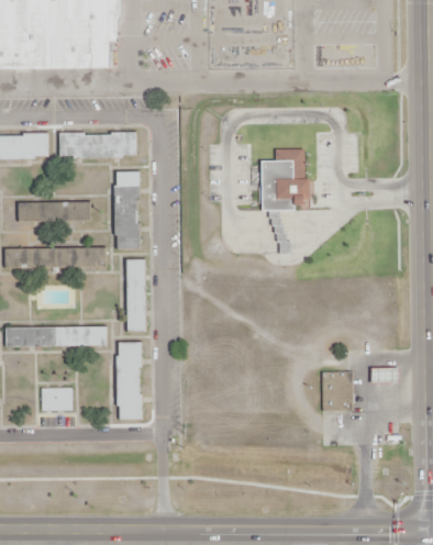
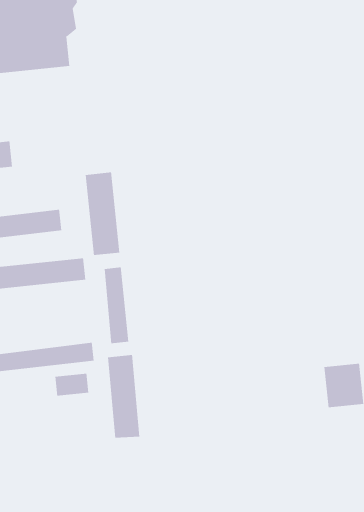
building: [63,132,136,157] -> none
building: [259,146,312,210] -> none
building: [37,390,68,409] -> [54,373,89,396]

